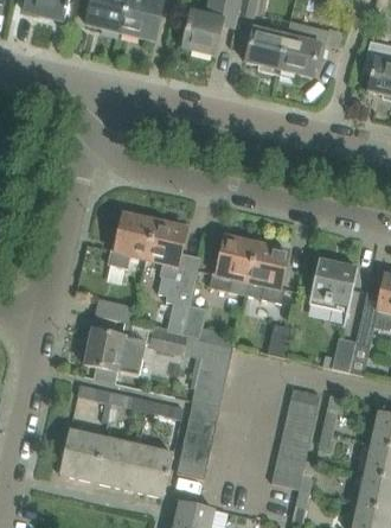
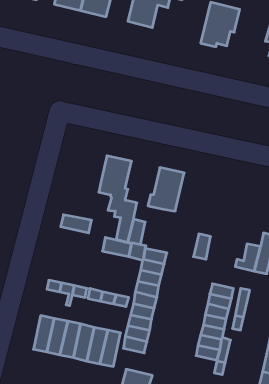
building: [245,25,287,74] -> none
building: [108,214,155,267] -> none
building: [244,243,289,303] -> none
building: [309,257,358,308] -> none
building: [84,329,145,375] -> none

